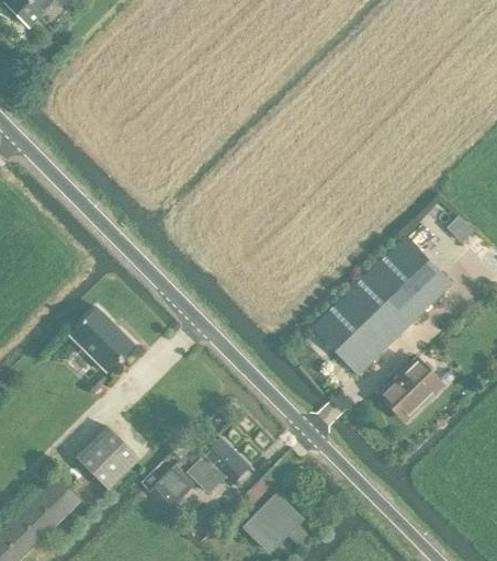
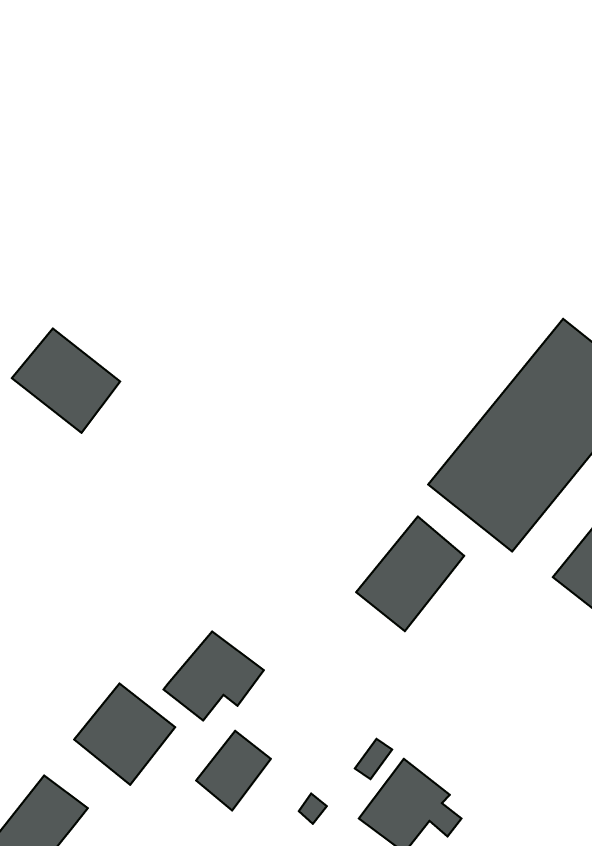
building: [69,306,135,372] -> [12,328,120,433]
building: none -> [356,517,464,631]
building: [187,438,249,492] -> [164,631,264,721]

